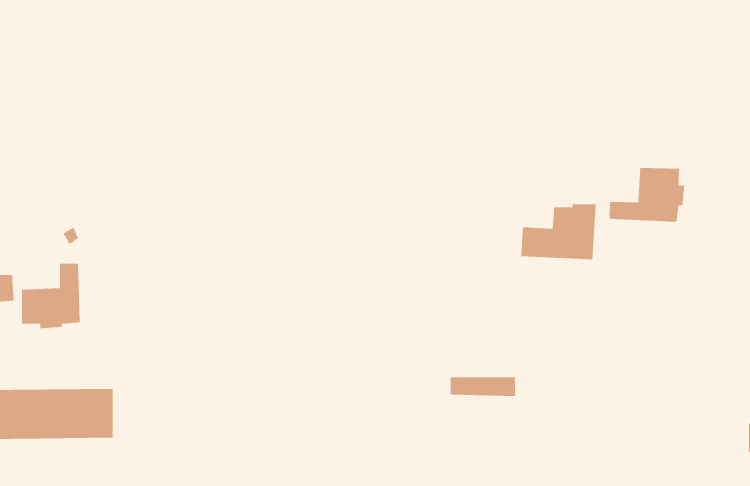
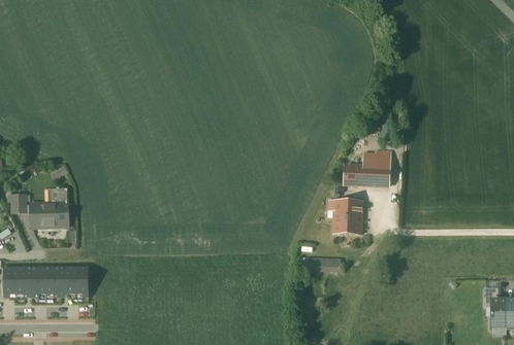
building: [609,167,685,223] -> none
building: none -> [333,199,362,234]

